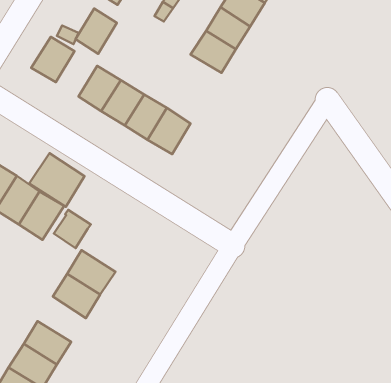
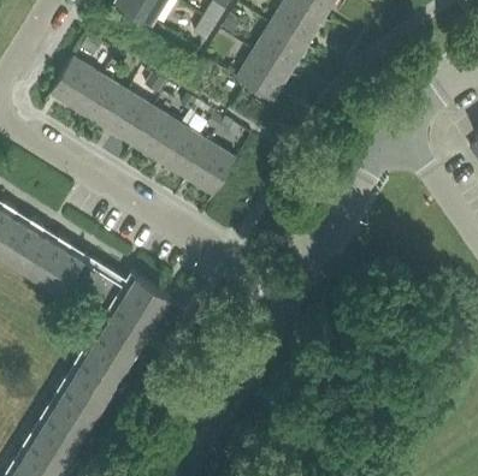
building: [76,8,117,54] -> [79,76,128,129]
building: [29,153,84,207] -> none
building: none -> [110,273,171,333]
building: none -> [58,362,114,415]

